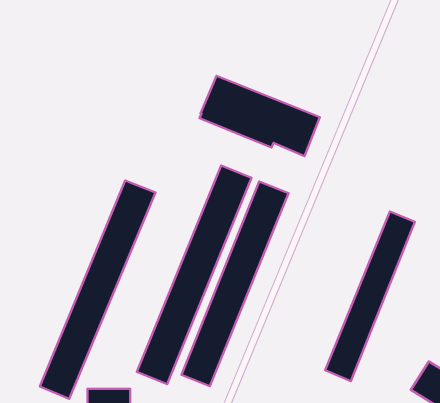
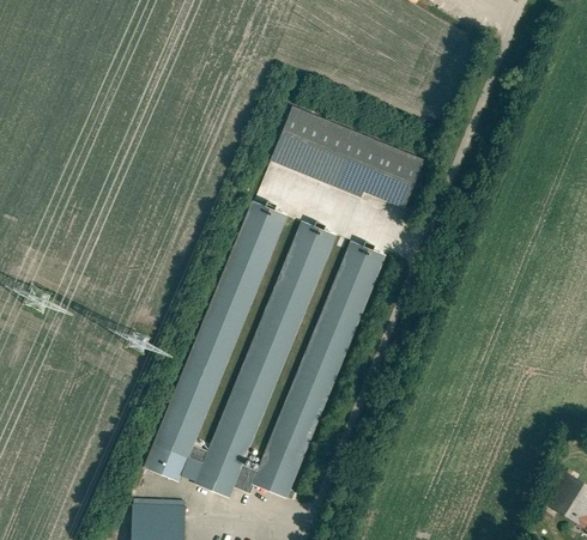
building: [40,180,155,399] -> [143,202,289,479]
building: [325,212,415,381] -> none

